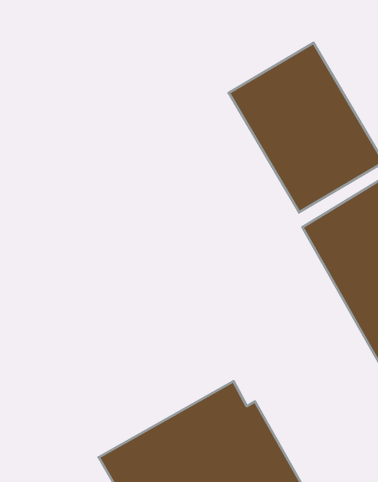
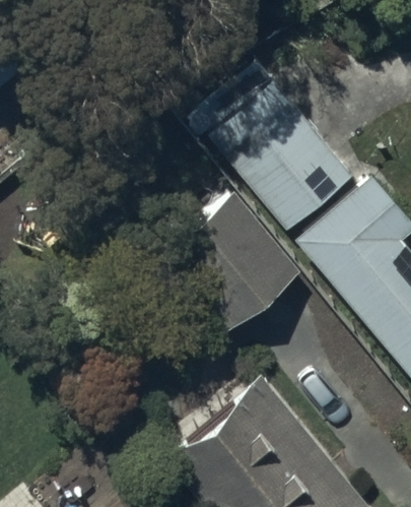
building: none -> [155,194,302,340]

